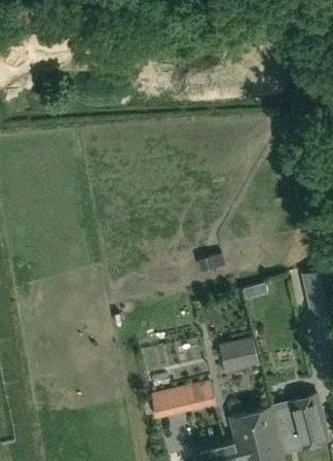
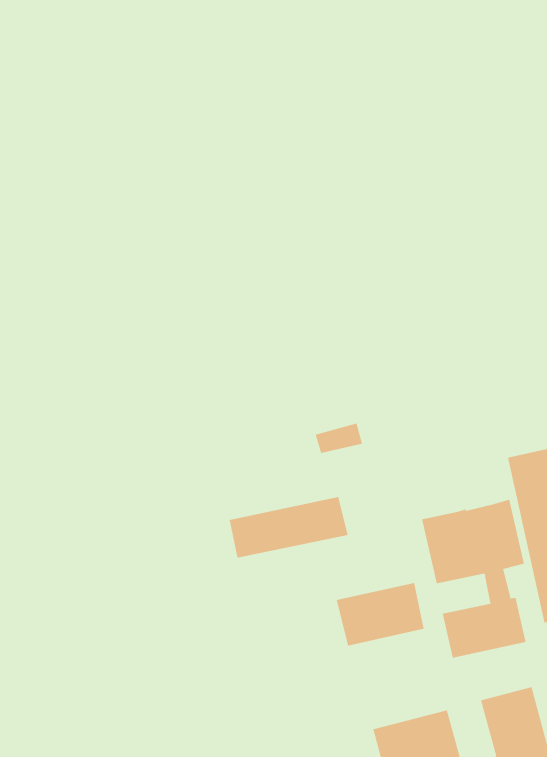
building: none -> [422,499,526,659]
building: [151,384,215,417] -> [229,497,348,558]

